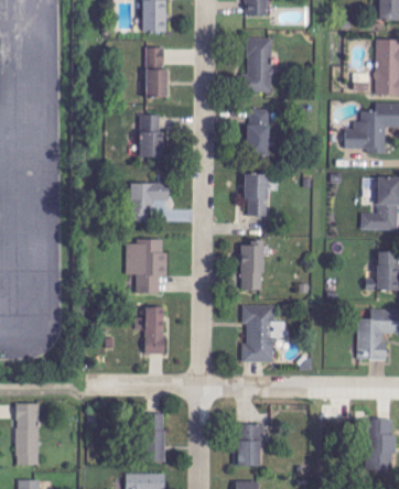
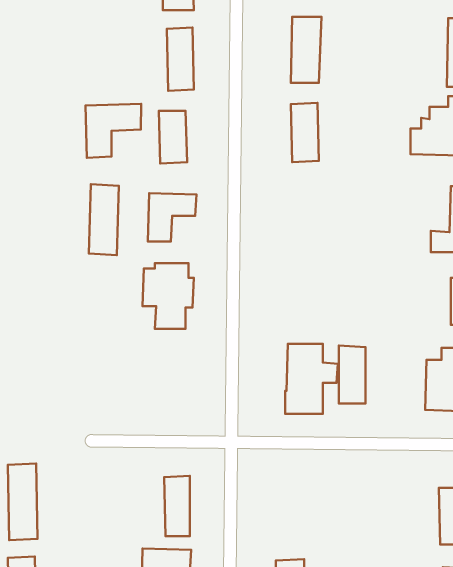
building: none -> [86,104,141,158]
building: [246,174,268,216] -> none
building: none -> [89,184,119,255]
building: [241,242,263,290] -> [339,346,366,404]
building: [136,306,165,354] -> none
building: [235,424,263,467] -> none

